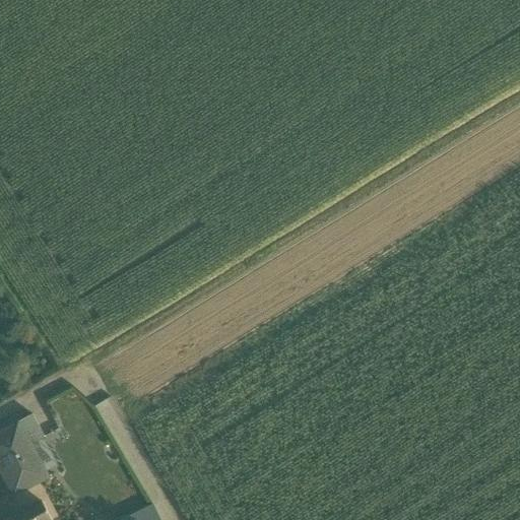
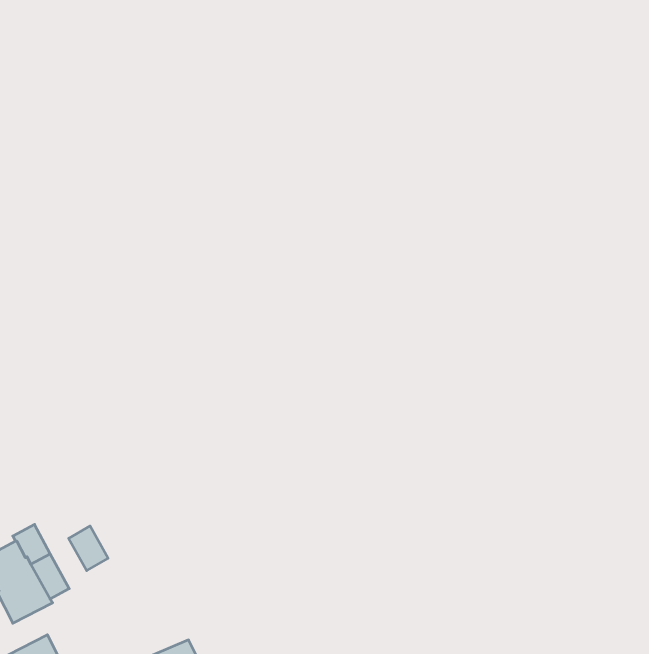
building: none -> [69,526,108,571]

